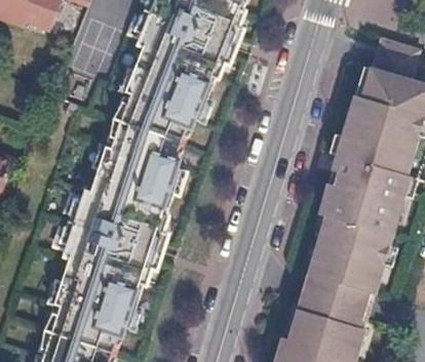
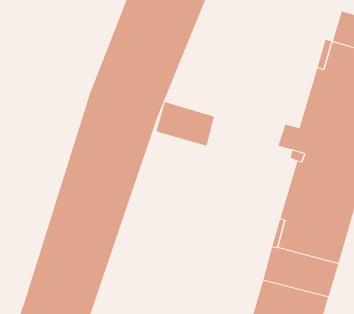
building: none -> [156,101,215,147]

